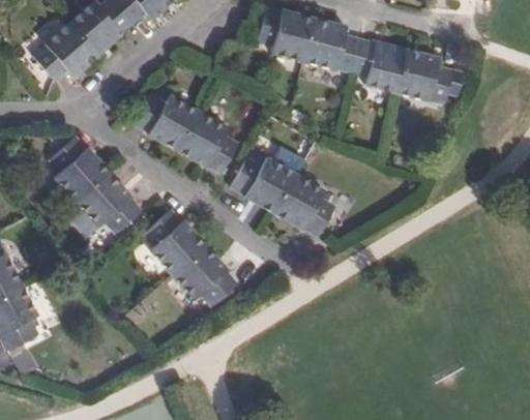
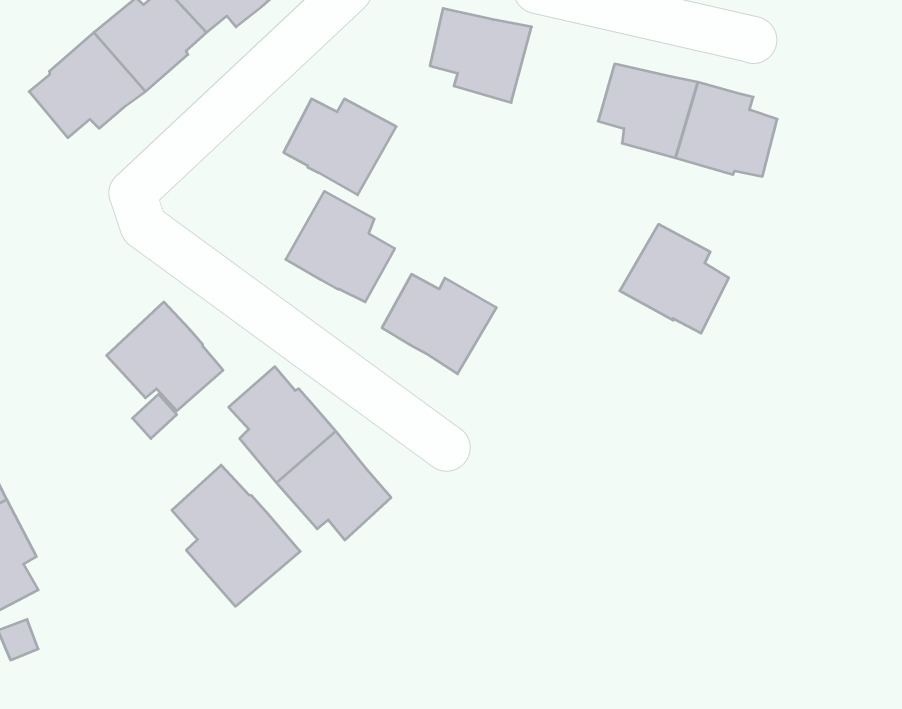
building: [303,19,361,71] -> none
building: [136,95,199,149] -> [284,99,396,195]
building: [50,137,109,203] -> none
building: [273,176,334,237] -> [620,224,729,333]
building: none -> [172,465,300,606]

